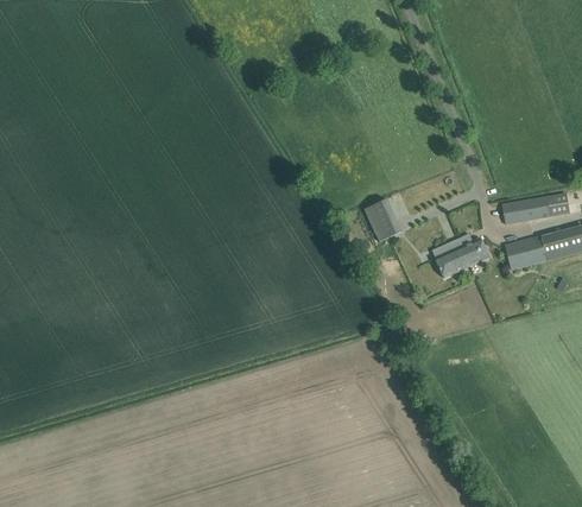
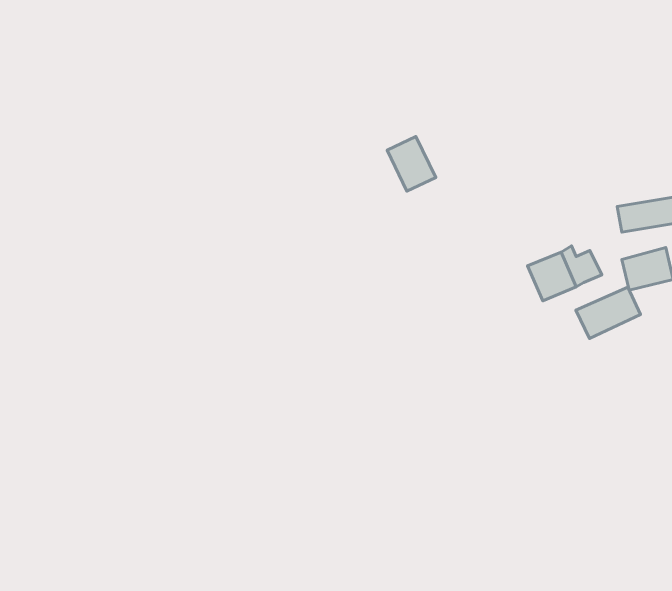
building: [363,197,401,240] -> [387,136,436,191]
building: none -> [576,287,640,338]

